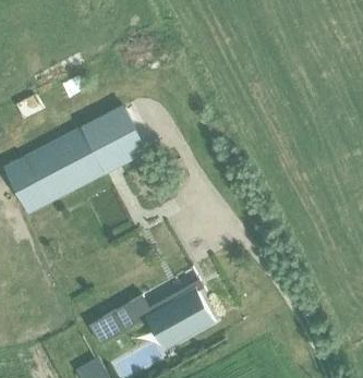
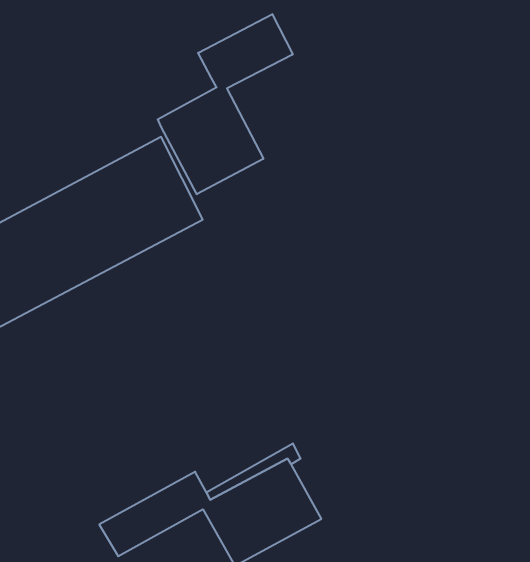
building: none -> [158,14,293,194]

